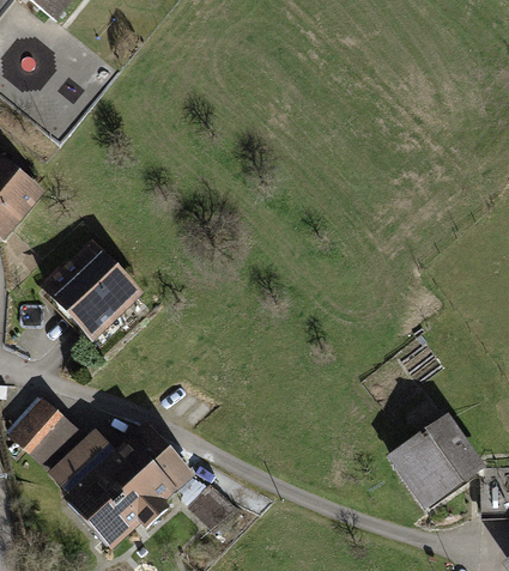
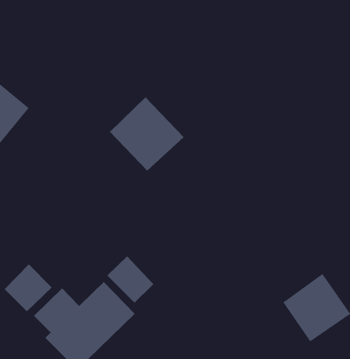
building: [42,237,144,339] -> [109,97,184,172]
building: none -> [106,256,154,303]

